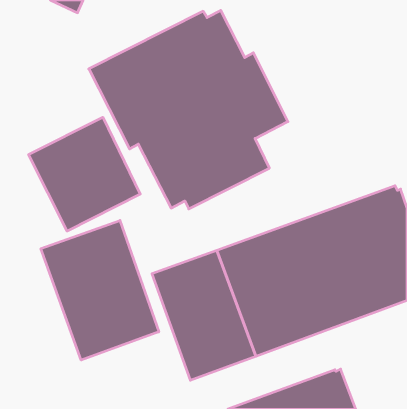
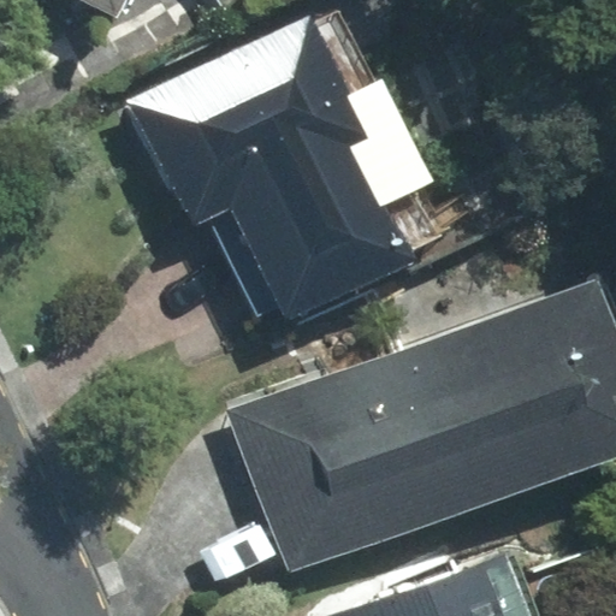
building: [29,117,140,231] -> none
building: [41,220,159,360] -> none

